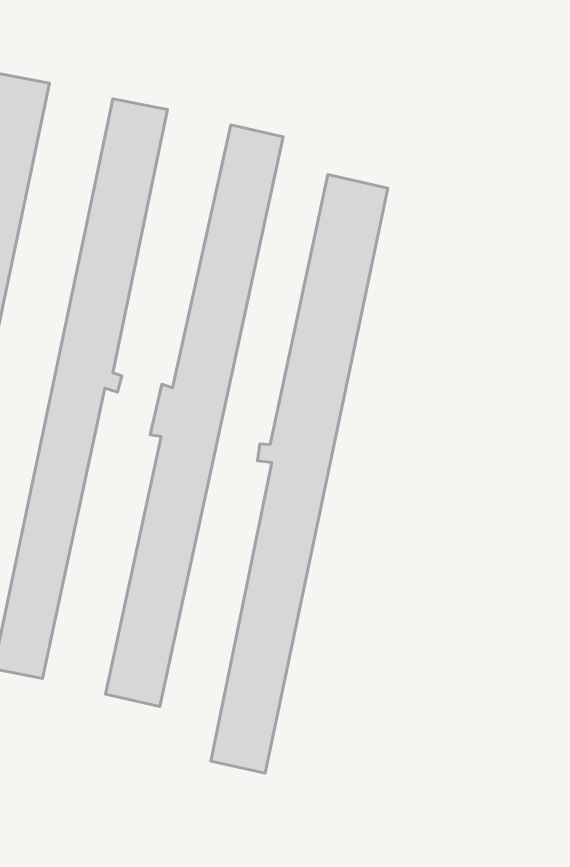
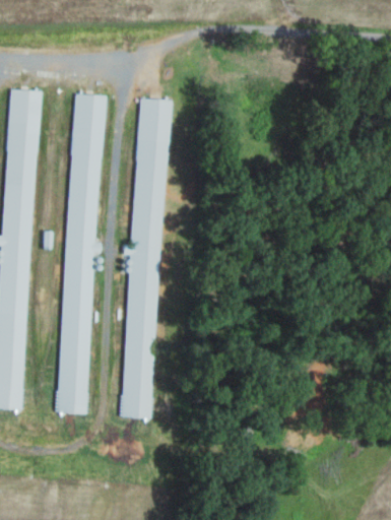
building: [211,175,388,773] -> none

